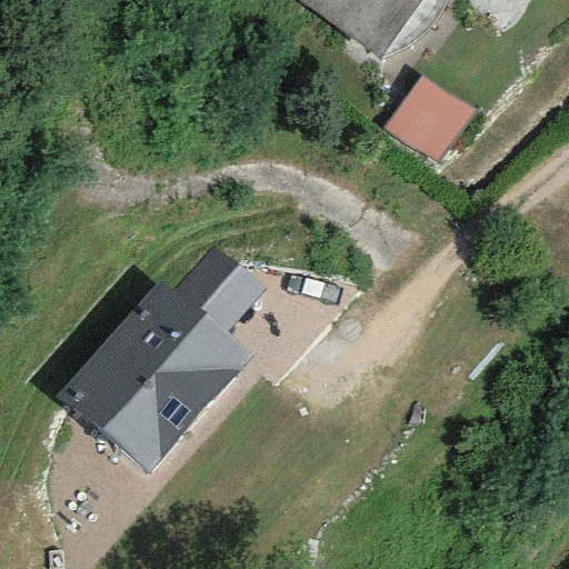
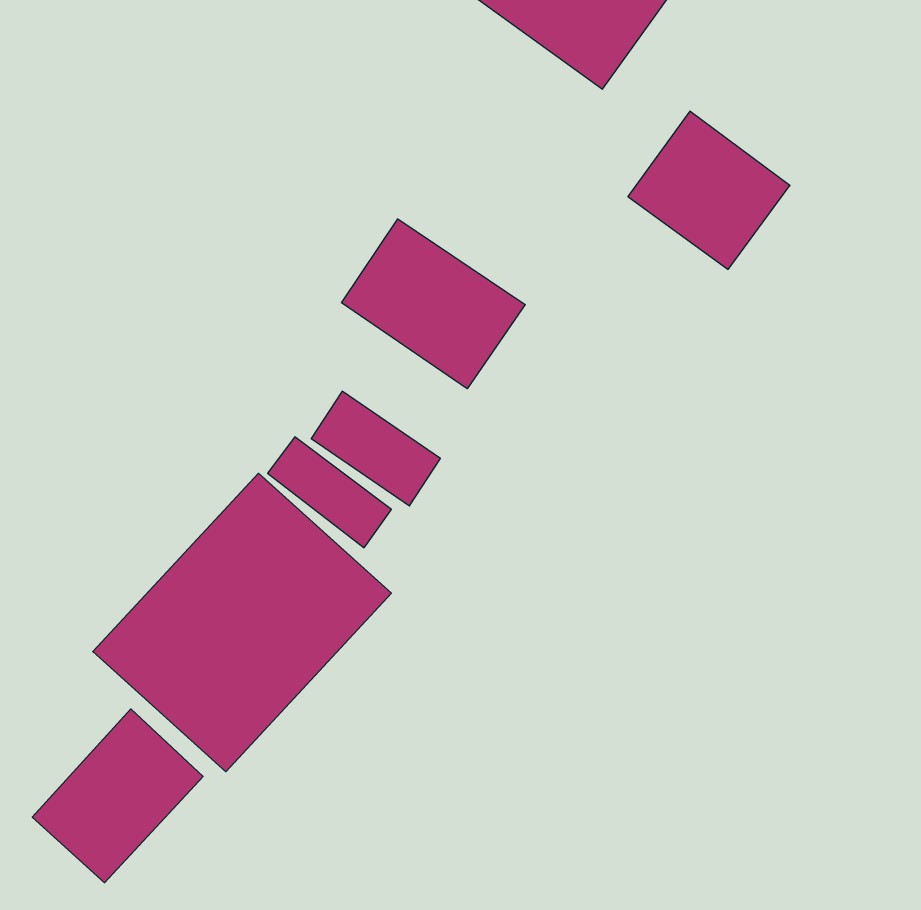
building: none -> [342,219,525,389]
building: none -> [32,709,203,883]

